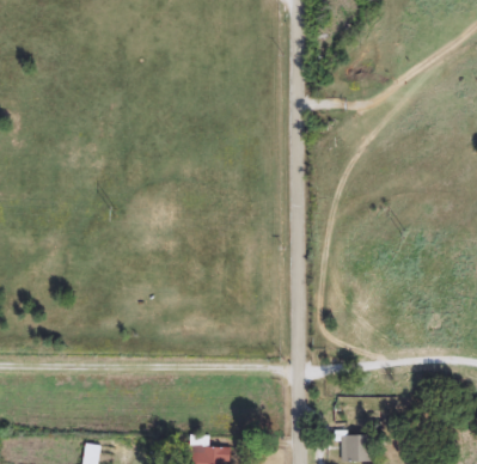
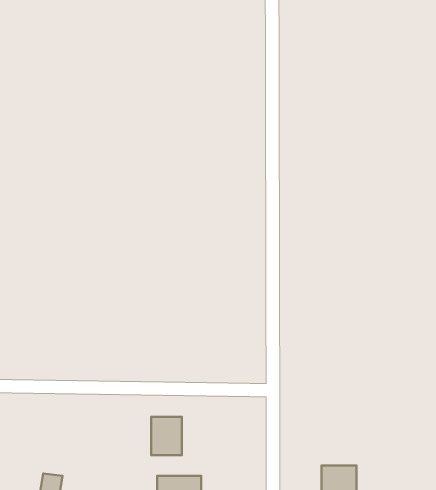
building: none -> [151,417,182,455]

